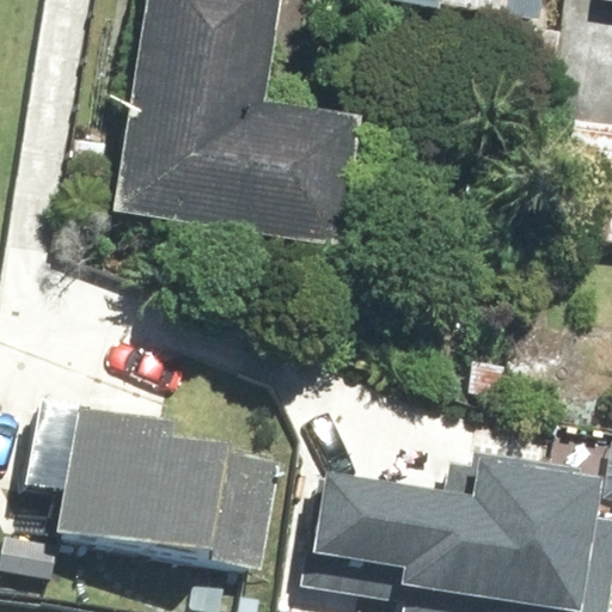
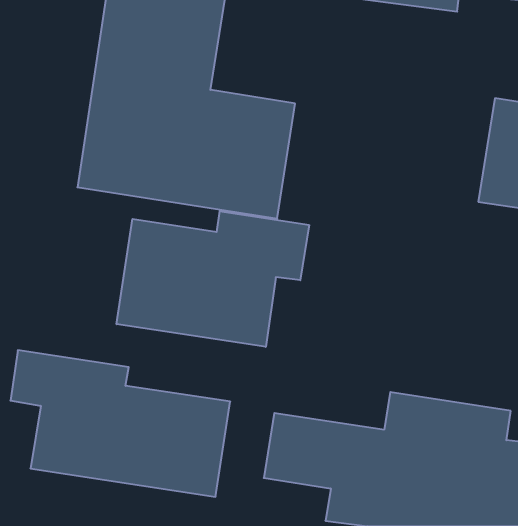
building: none -> [117,211,309,347]

